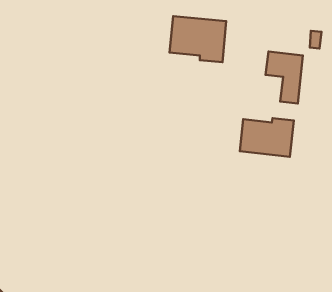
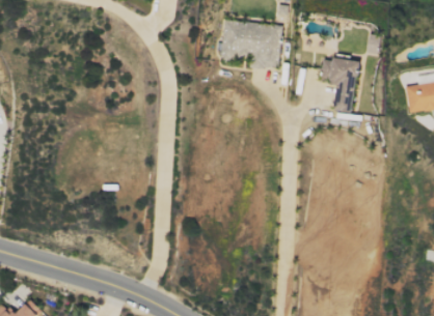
building: [240,118,294,157] -> none

